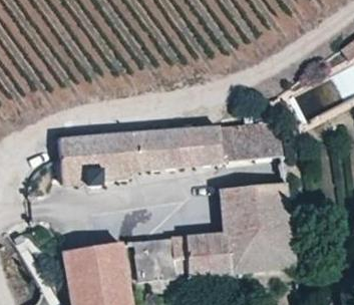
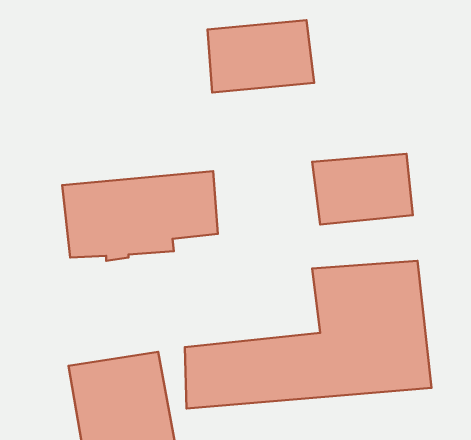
building: [155,123,224,170] -> [207,20,314,92]

